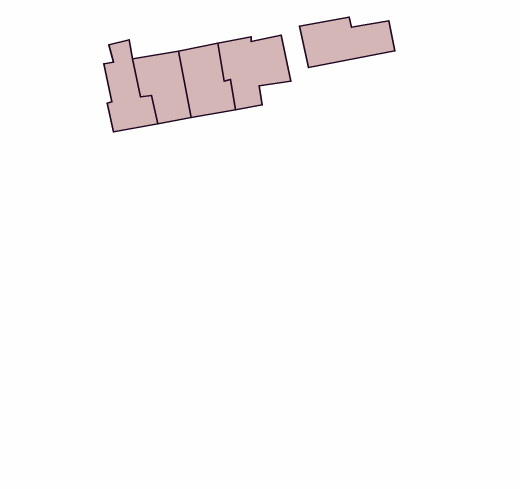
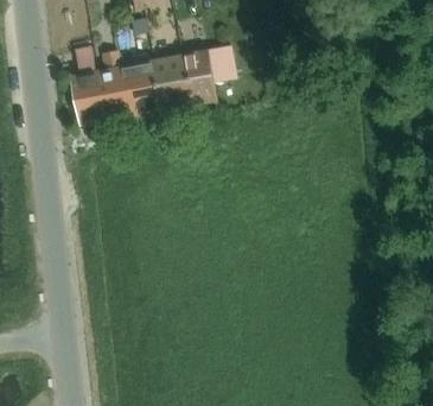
building: [299,17,395,67] -> none
building: none -> [71,45,104,125]

